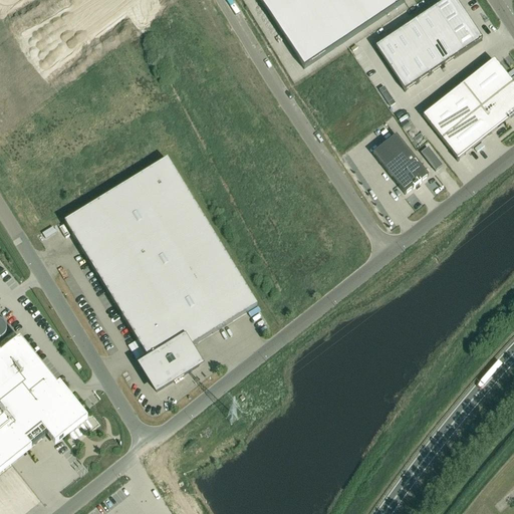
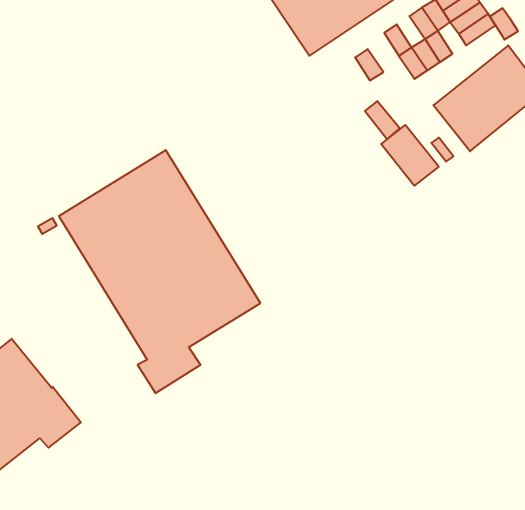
building: [388,26,415,56] -> [355,49,383,80]
building: [427,32,454,62] -> [490,8,518,40]
building: none -> [365,101,400,139]

